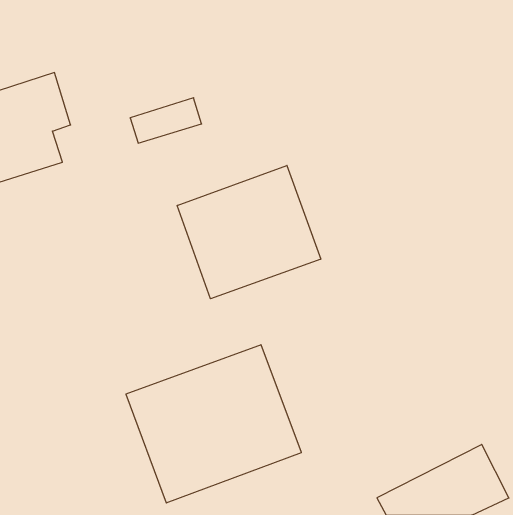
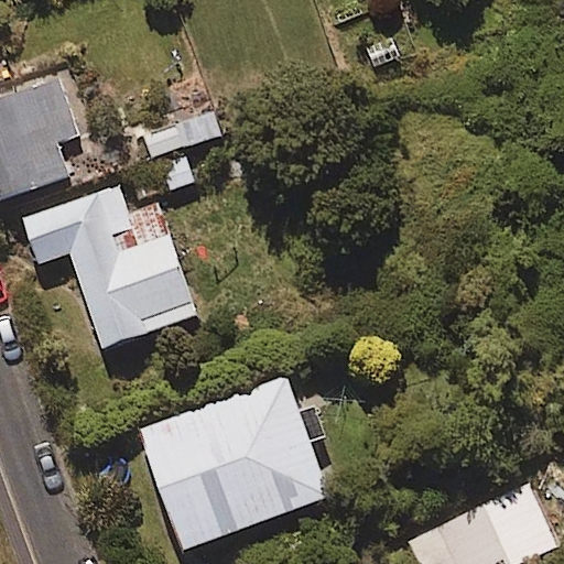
building: [177,165,321,299] -> none
building: none -> [22,186,196,348]

